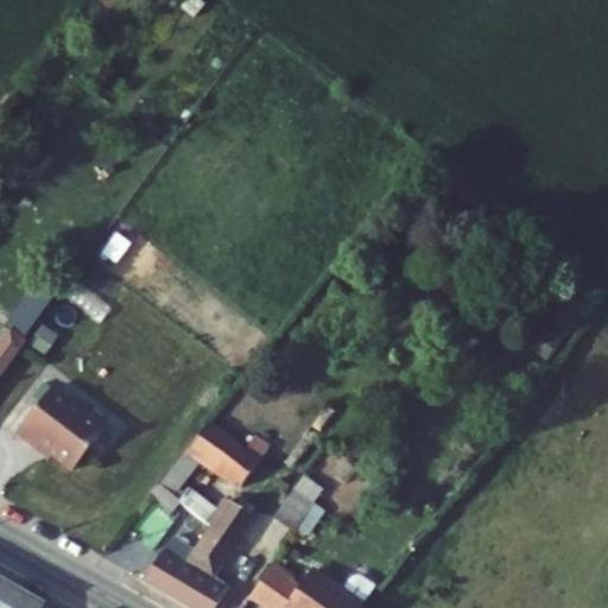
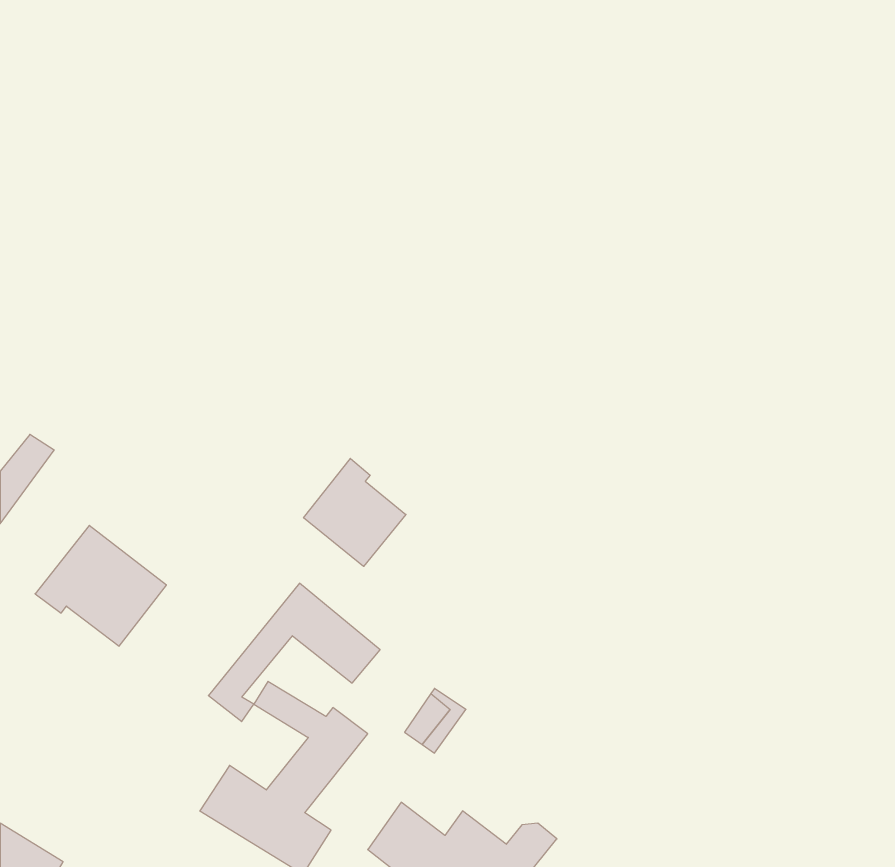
building: none -> [304,458,406,566]

